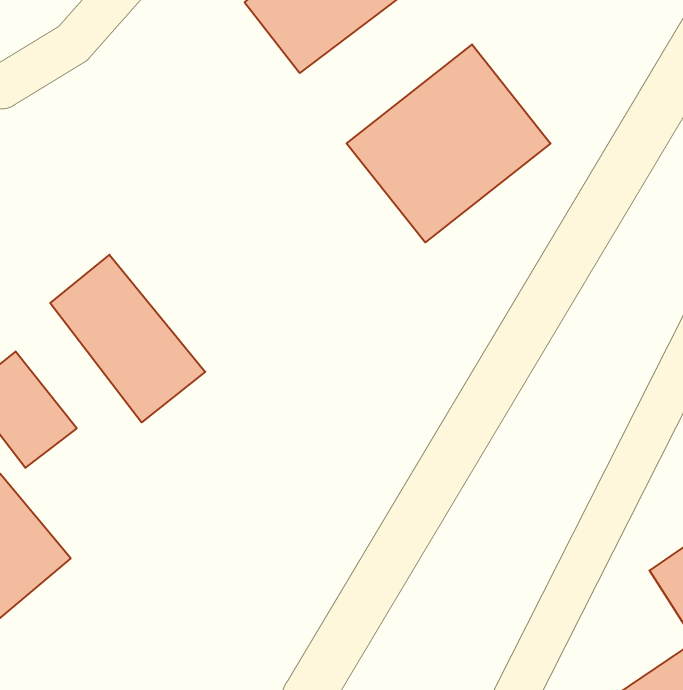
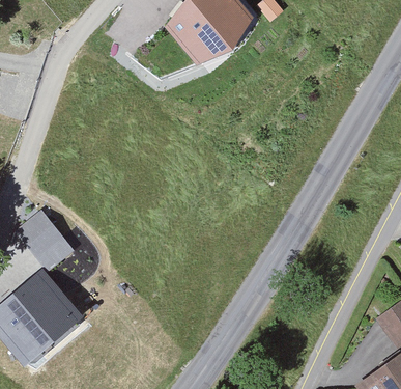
building: [347,44,551,242] -> none
building: [50,255,205,422] -> none

